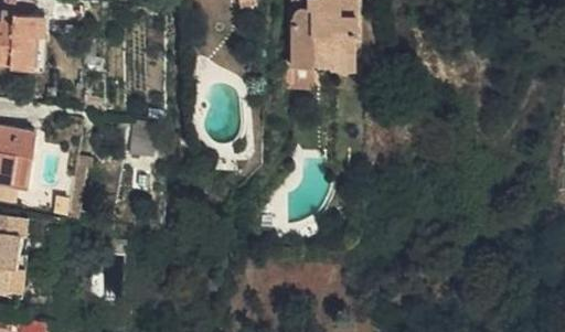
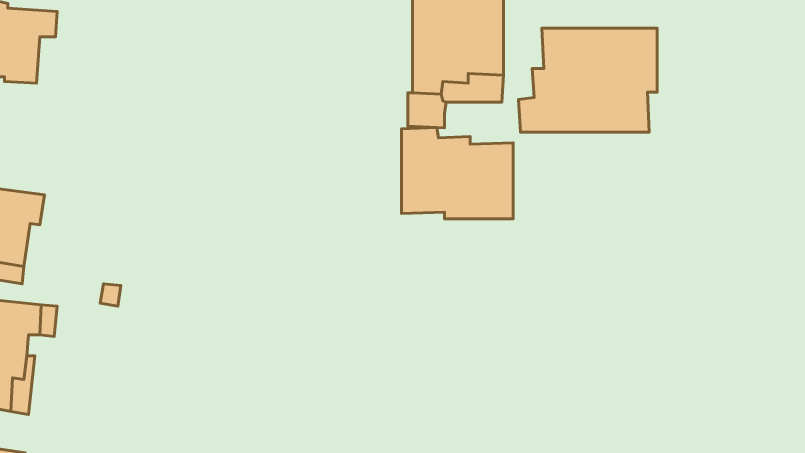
building: none -> [519,28,657,132]
building: none -> [401,127,513,219]

